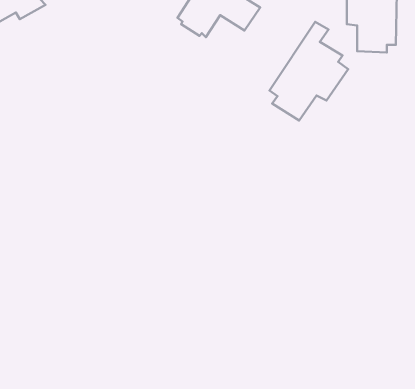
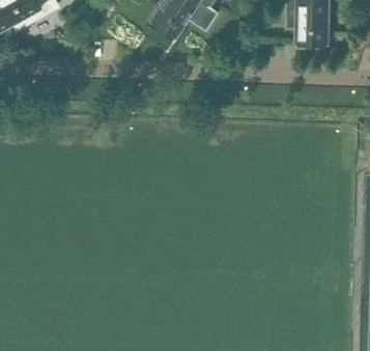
building: [269,22,348,120] -> none

